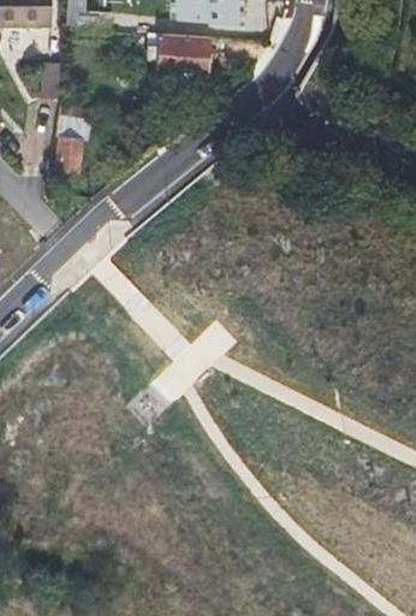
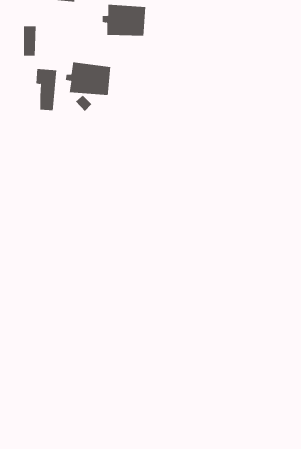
building: none -> [65,62,111,96]

